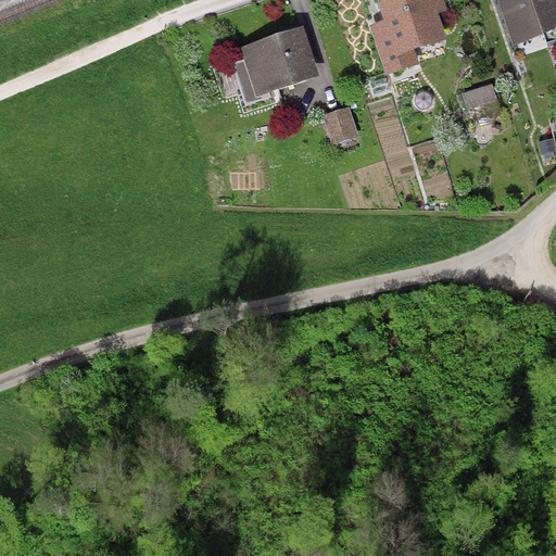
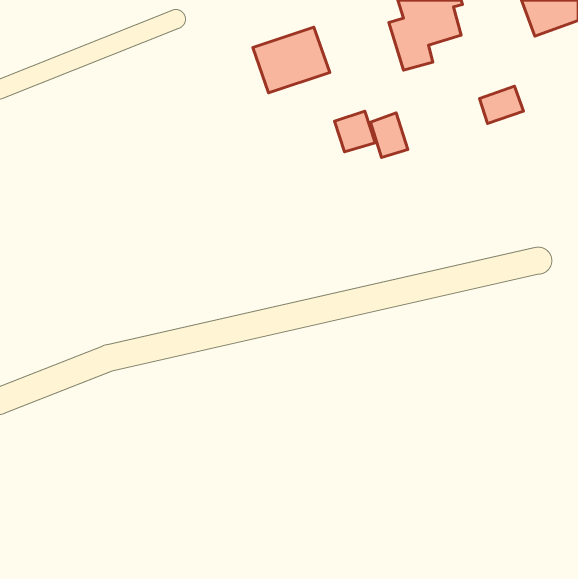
building: none -> [370,113,408,158]

